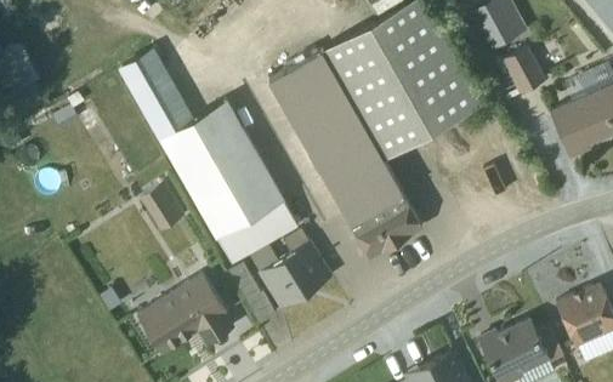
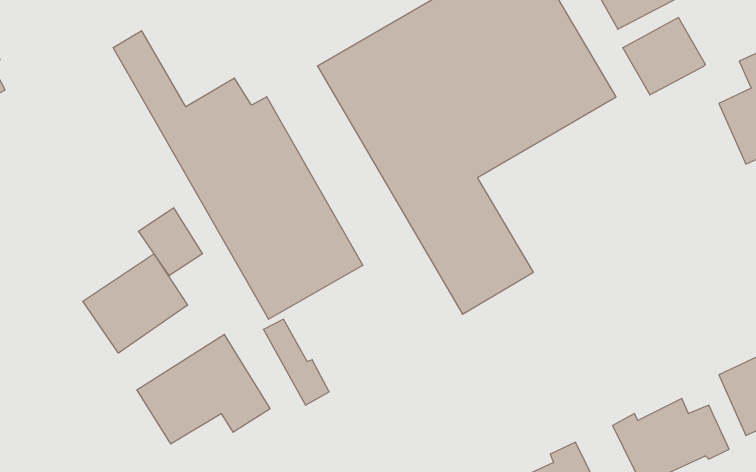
building: none -> [83,254,188,353]
building: [250,229,330,308] -> none

